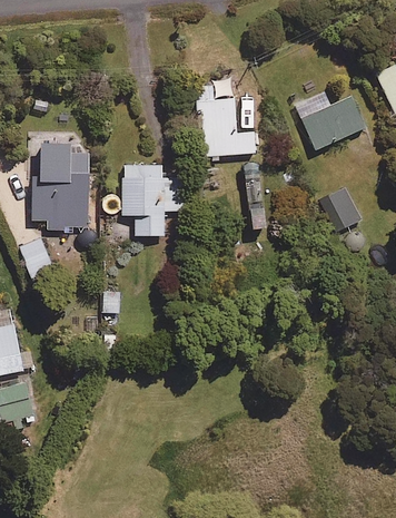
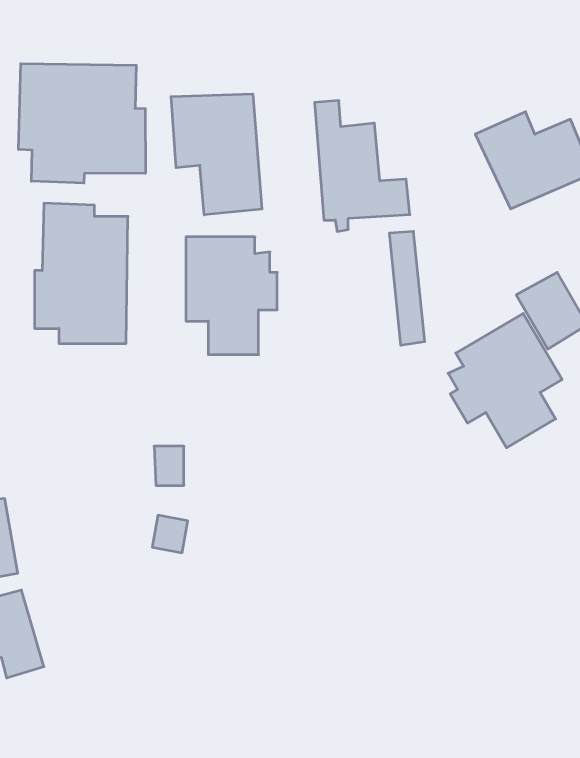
building: none -> [19,64,145,183]
building: none -> [171,94,262,215]
building: none -> [448,313,562,448]

